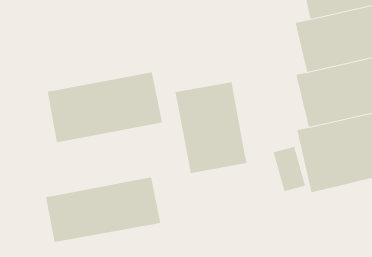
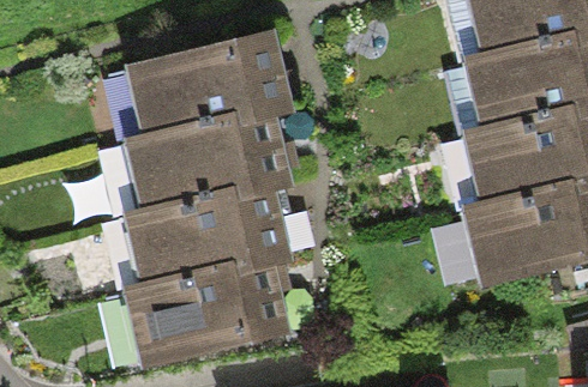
building: none -> [116,36,289,144]
building: [175,81,247,174] -> none
building: none -> [121,192,289,292]

